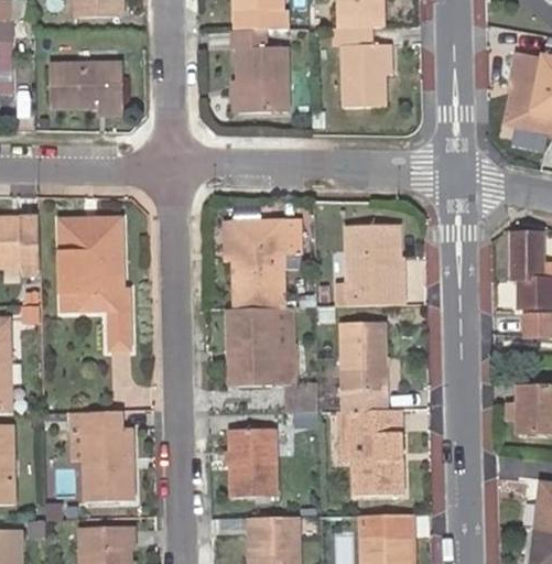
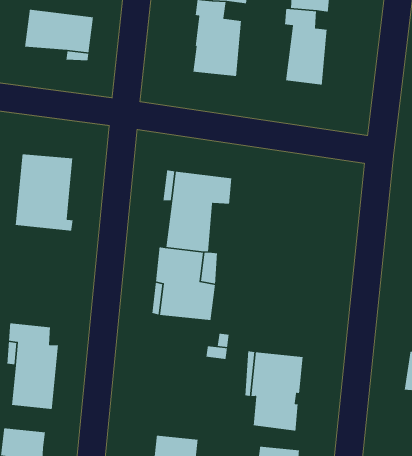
building: [336,226,399,306] -> none
building: [64,303,129,348] -> none
building: [342,322,388,390] -> none
building: [229,429,274,495] -> none

